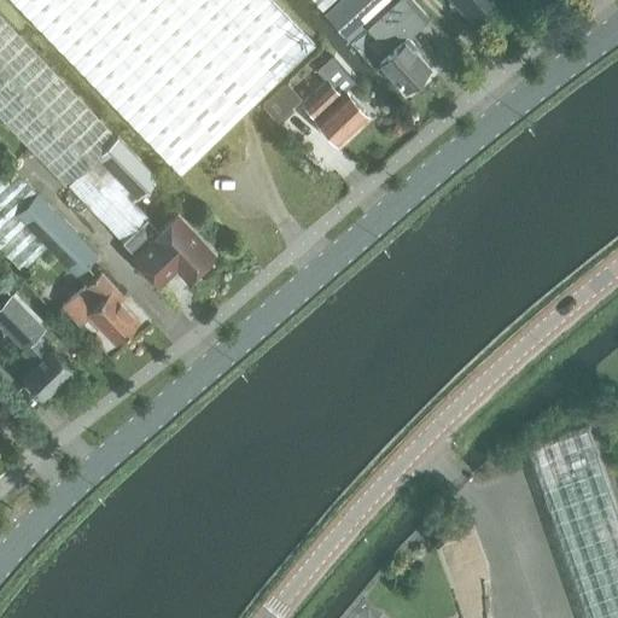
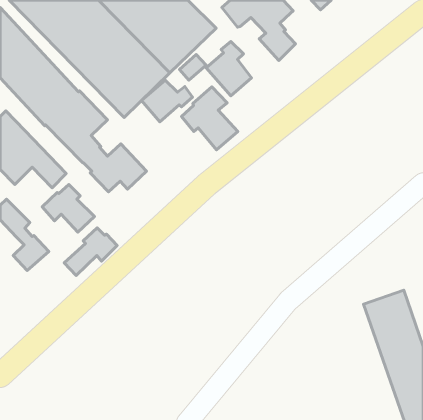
building: none -> [141,80,192,122]
building: none -> [181,87,238,150]
building: none -> [64,228,117,276]

